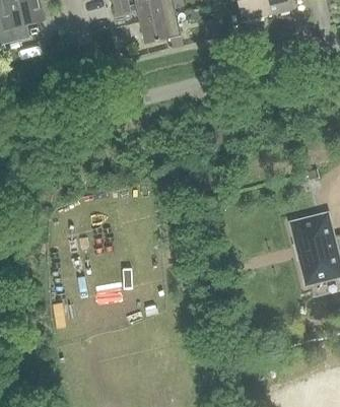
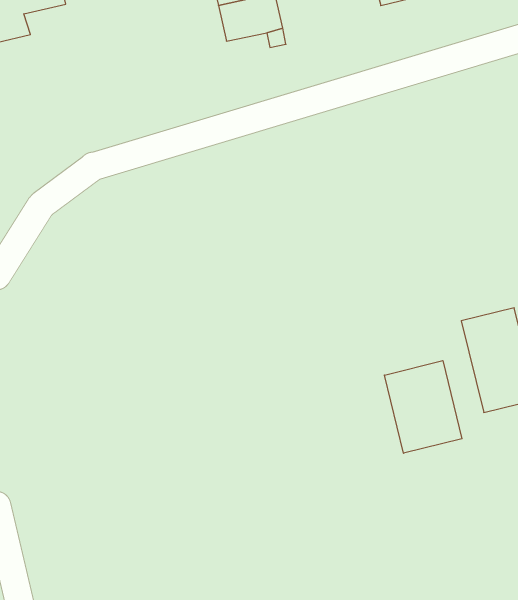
building: none -> [384,361,462,453]

